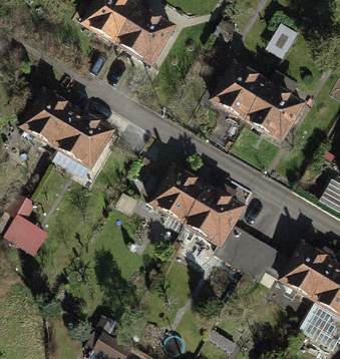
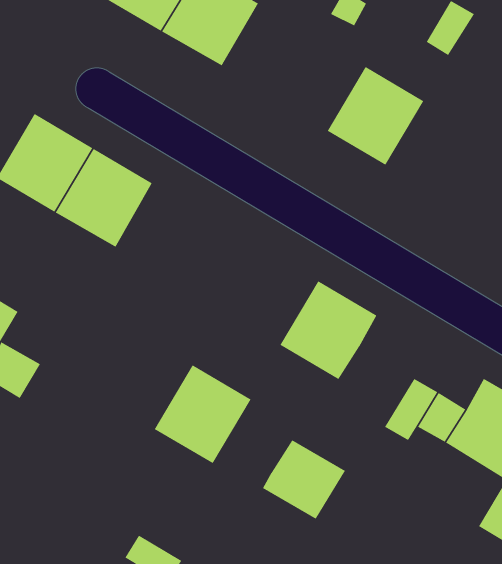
building: [246,72,302,140] -> none
building: [150,166,207,224] -> [154,365,251,464]
building: [214,225,262,271] -> [262,440,346,520]

